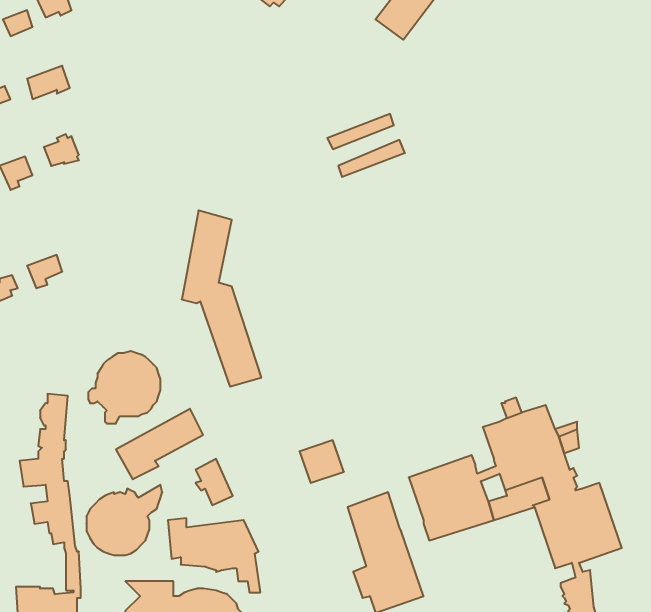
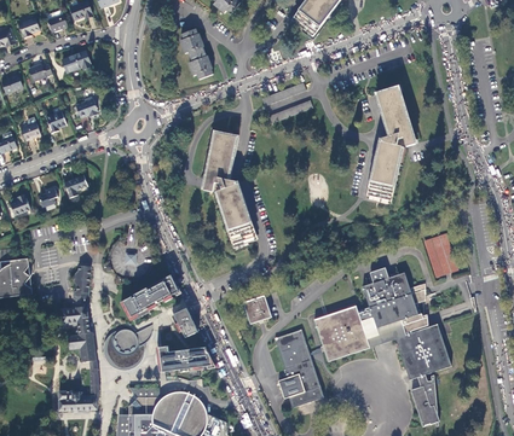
building: none -> [179,30,212,80]
building: none -> [366,88,414,204]
building: [182,210,261,387] -> [203,133,255,248]
building: none -> [425,234,456,277]

